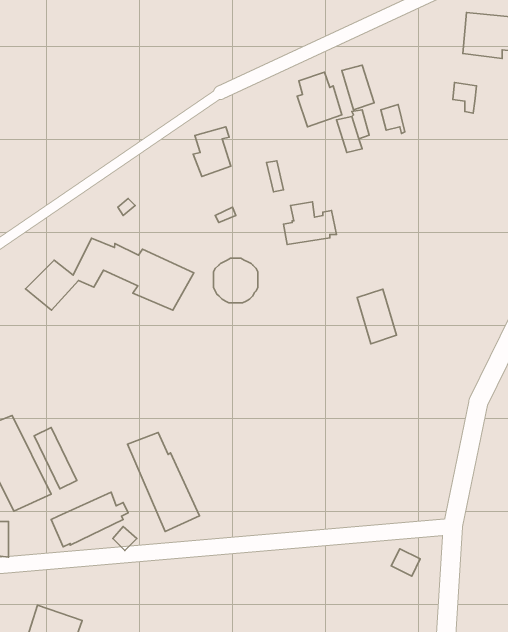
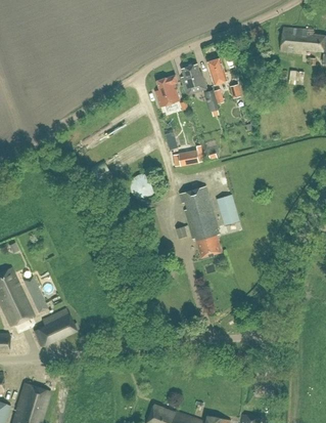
building: [193,127,231,176] -> [156,76,179,105]
building: [25,238,194,310] -> none
building: none -> [180,185,223,258]
building: [128,432,199,531] -> none

